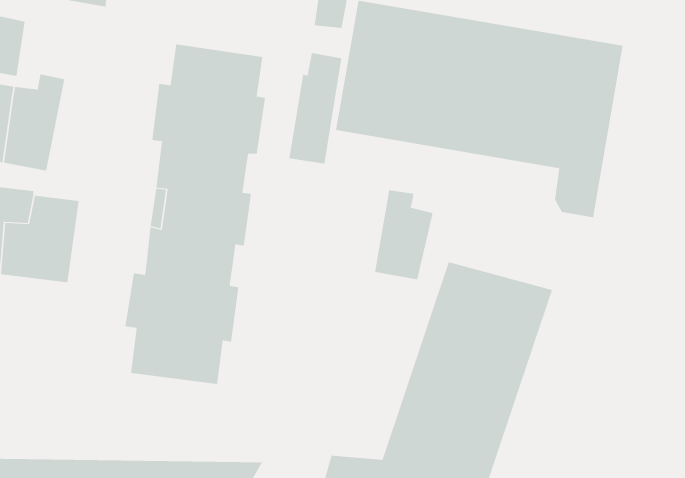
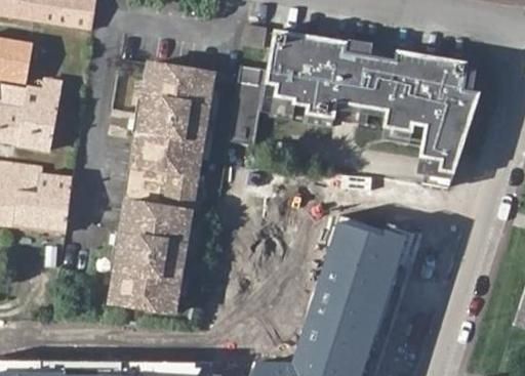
building: [375,189,433,280] -> none

